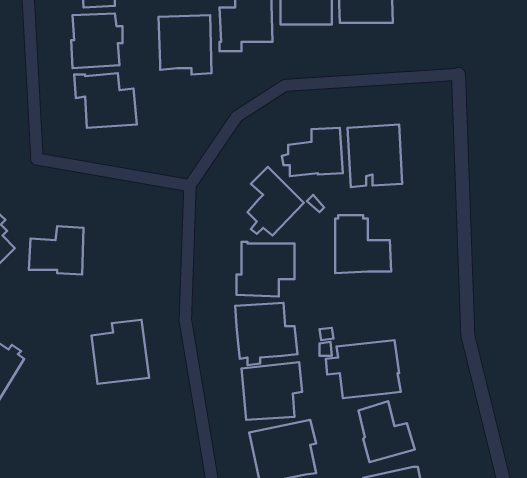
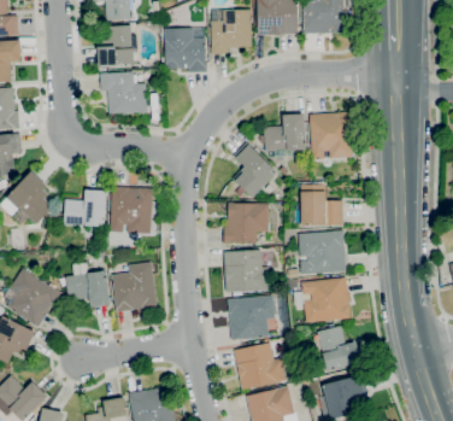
building: none -> [110,186,153,233]
building: none -> [298,229,346,274]
building: none -> [65,270,110,306]

